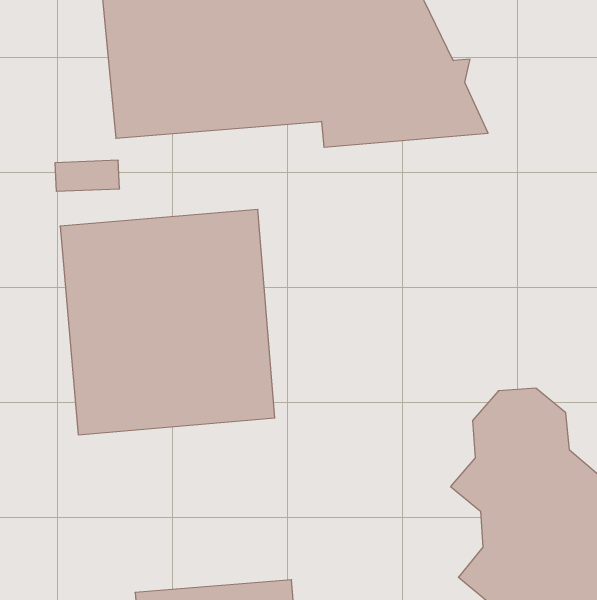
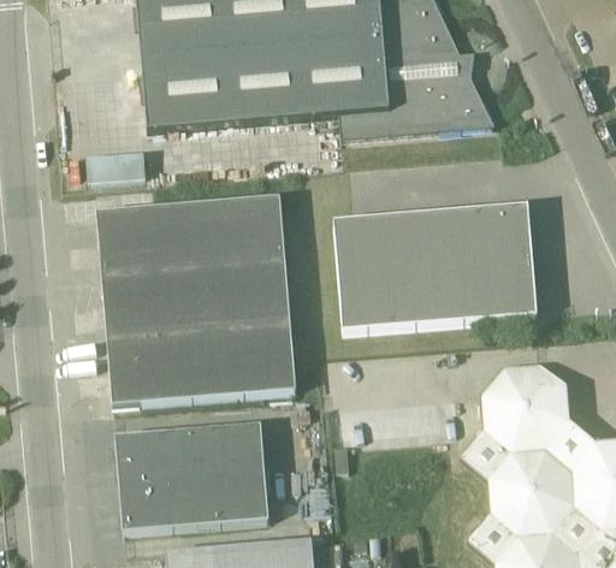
building: none -> [334,203,538,330]
building: none -> [116,422,270,531]

